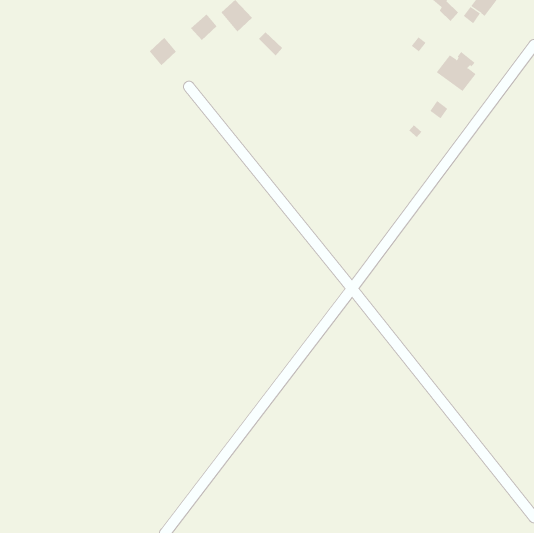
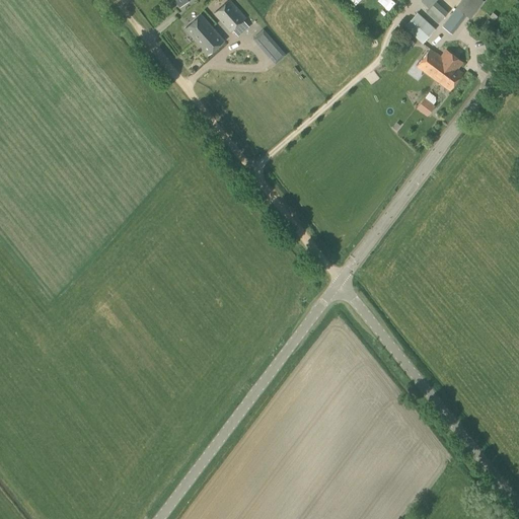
building: none -> [403,12,435,43]
building: [149,37,177,66] -> [196,25,223,54]

